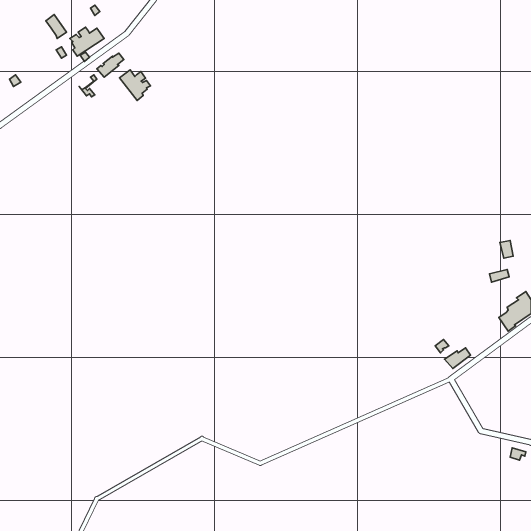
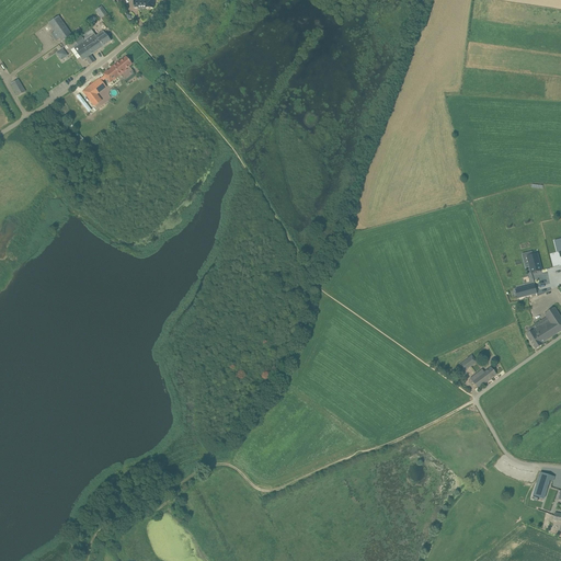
building: [119,70,151,100] -> none

